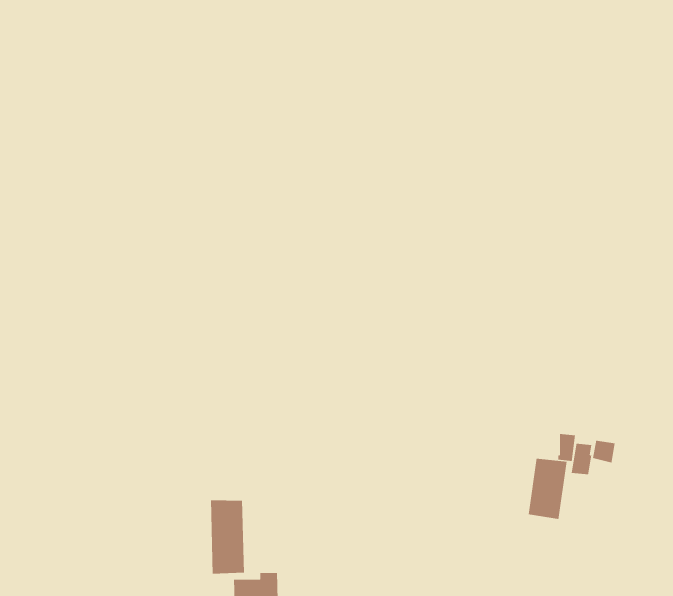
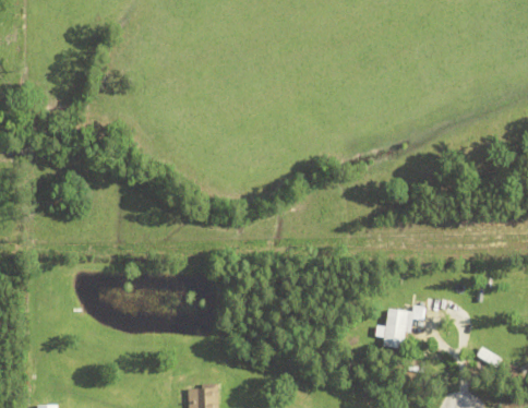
building: [210,499,244,575] -> none

